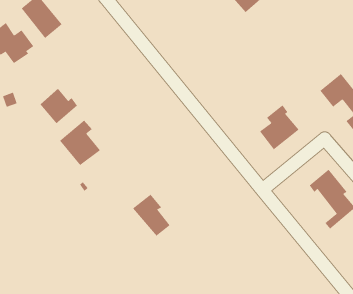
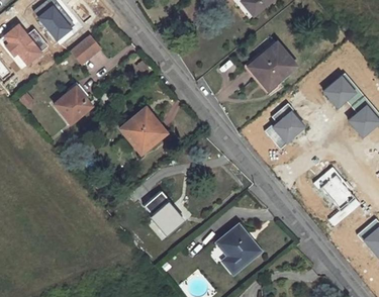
building: none -> [70,35,99,63]
building: none -> [249,42,294,88]
building: [59,120,101,166] -> [119,108,160,153]
building: none -> [217,223,257,274]

